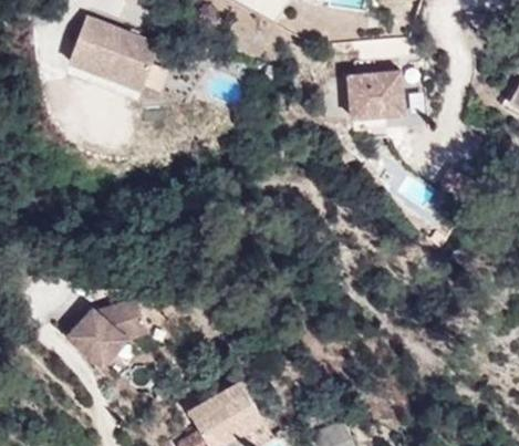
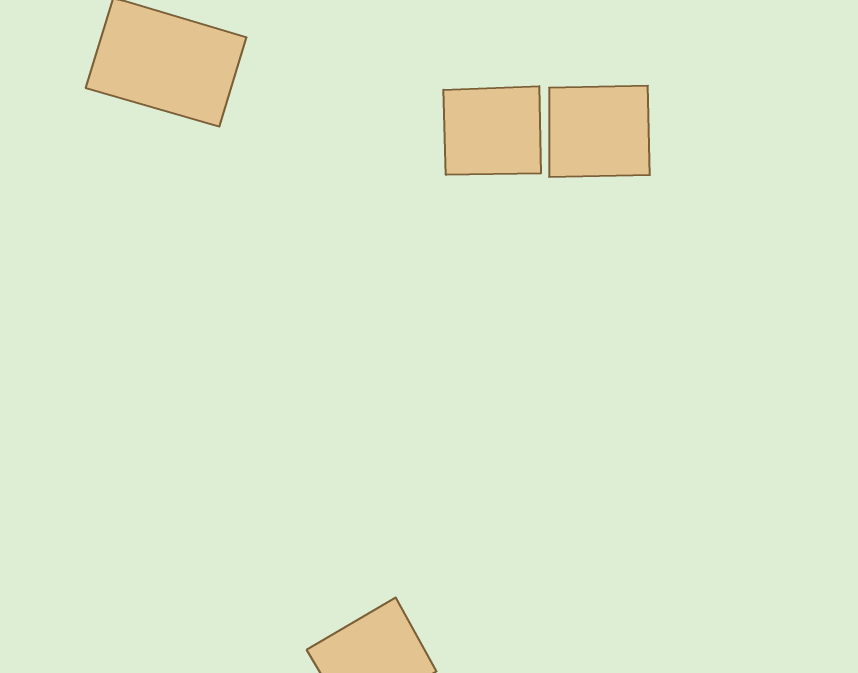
building: none -> [443,86,541,175]
building: [73,289,153,359] -> none

